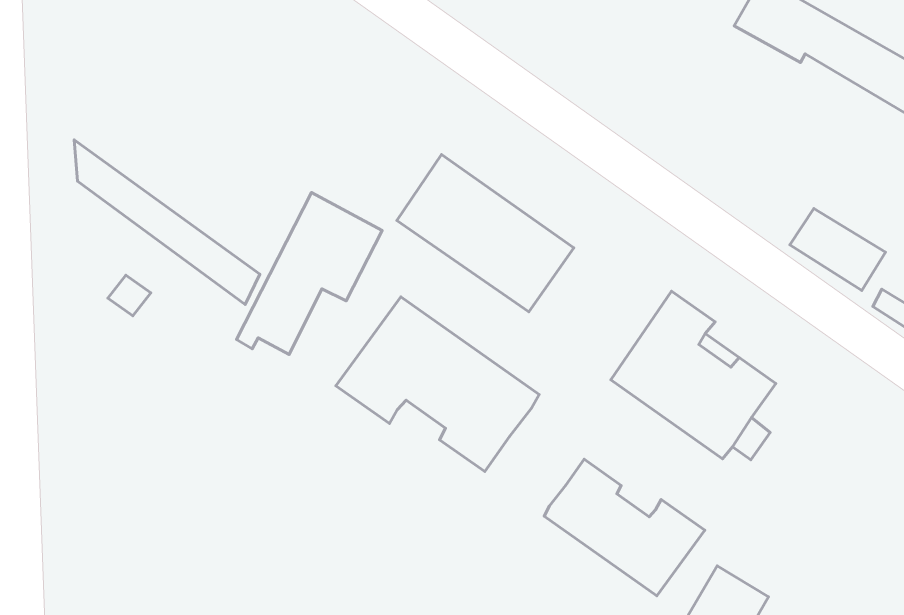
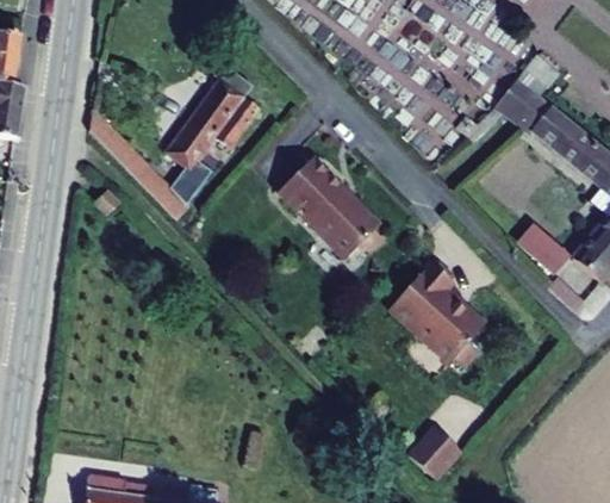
building: [237,193,382,355] -> [164,77,262,172]
building: [336,297,539,472] -> none
building: [544,459,705,596] -> none

